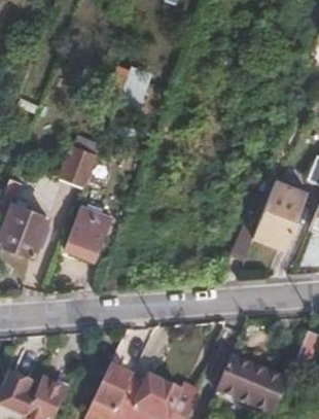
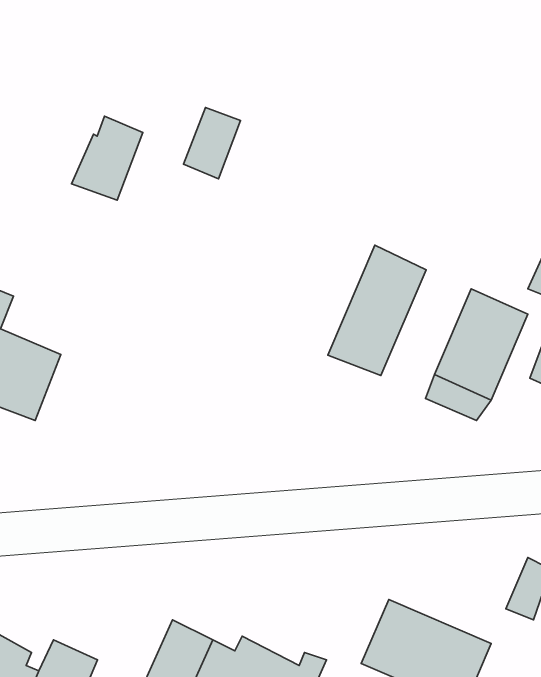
building: [61,136,101,183] -> [71,116,143,200]
building: none -> [328,245,426,376]
building: [66,206,111,258] -> none

